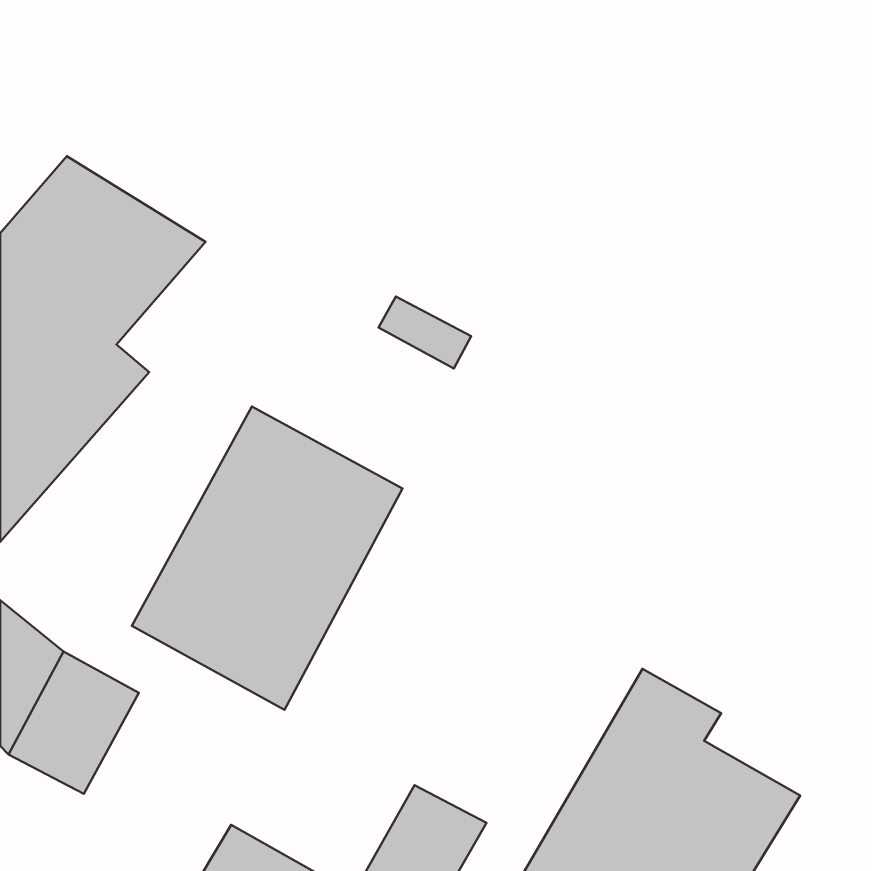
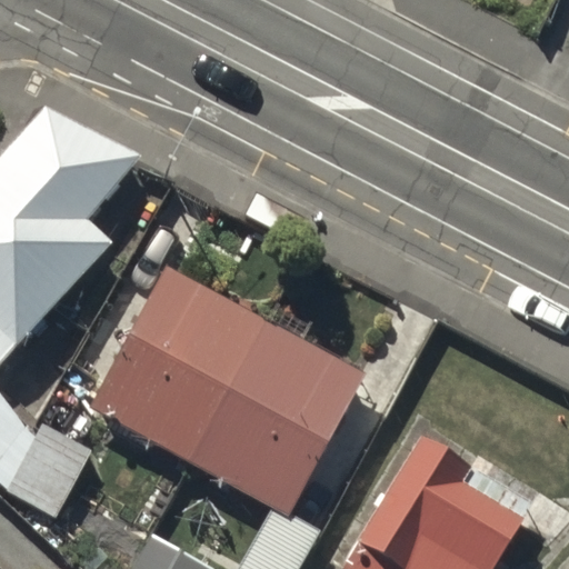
building: none -> [187,320,366,517]

